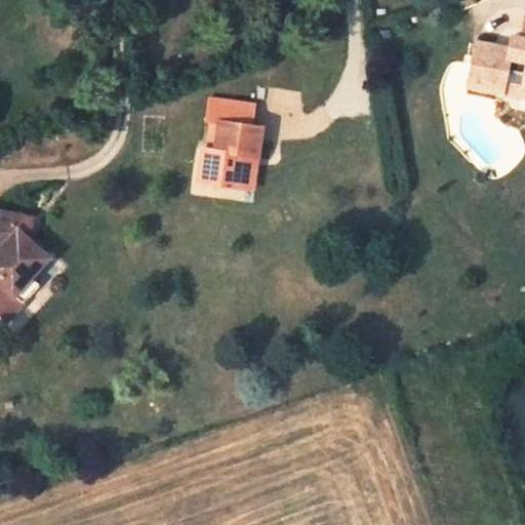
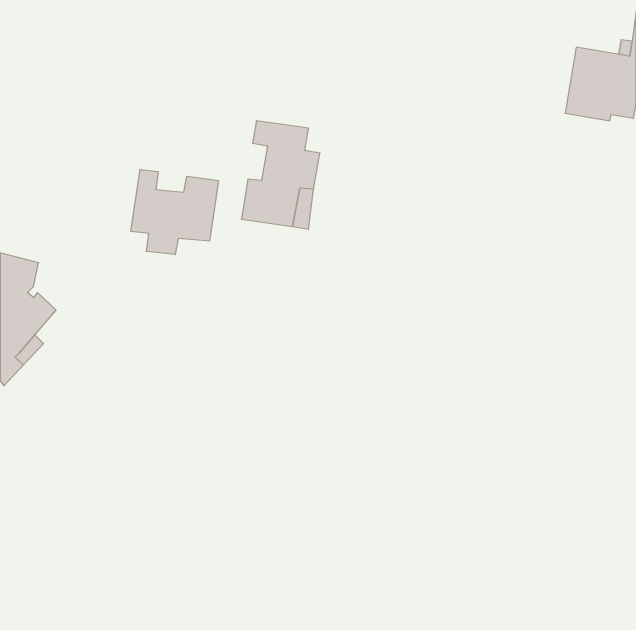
building: none -> [131,169,218,255]

